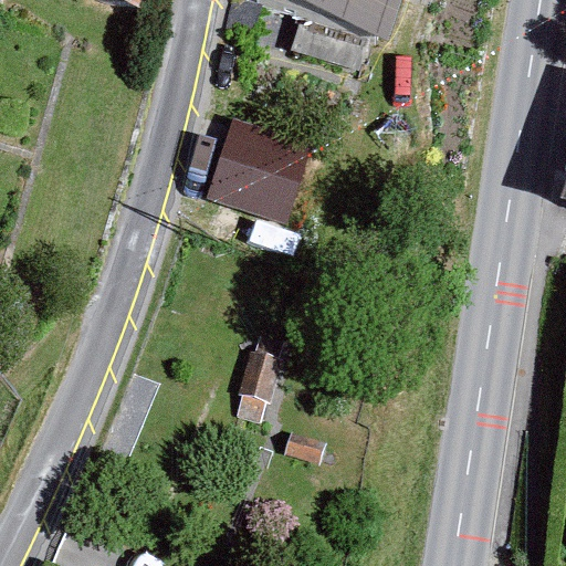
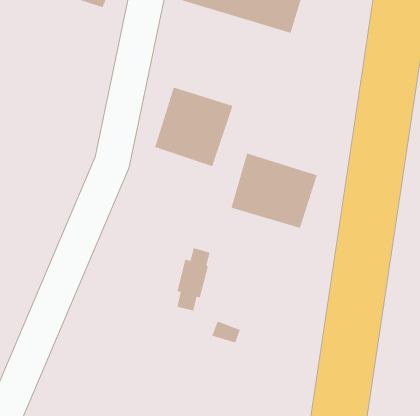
building: none -> [230,152,318,229]

